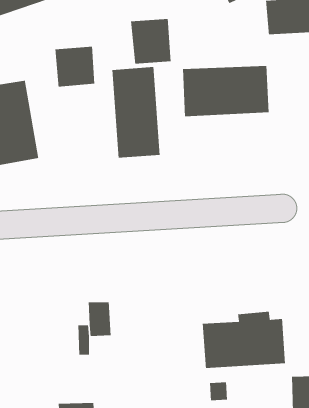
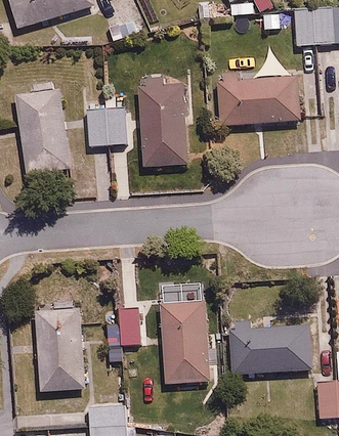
building: [130,18,172,65] -> none
building: [55,46,95,87] -> [86,104,126,145]
building: none -> [160,297,210,384]
building: none -> [35,307,84,389]

